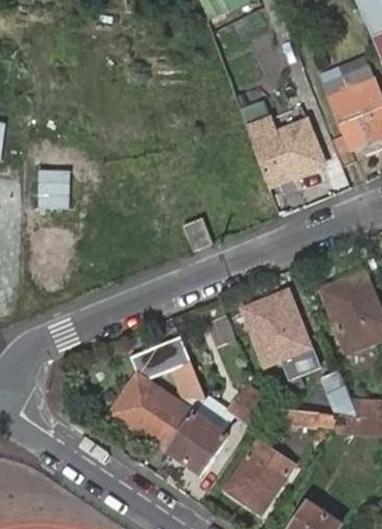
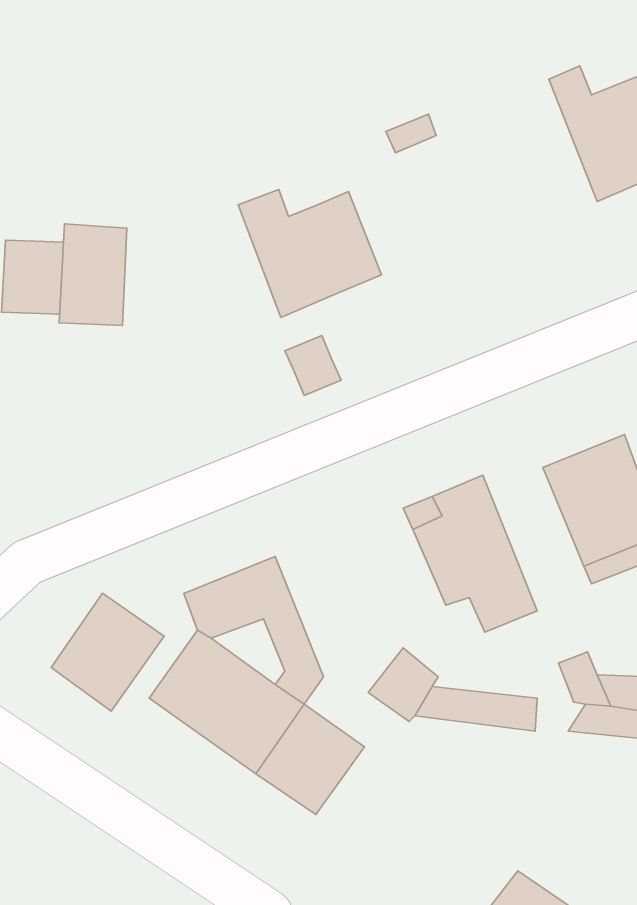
building: [248,118,324,186] -> [238,189,382,317]
building: none -> [59,224,127,325]
building: none -> [51,593,164,711]
building: [225,443,292,514] -> none

